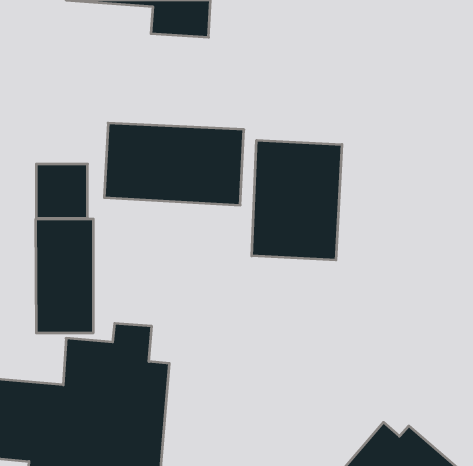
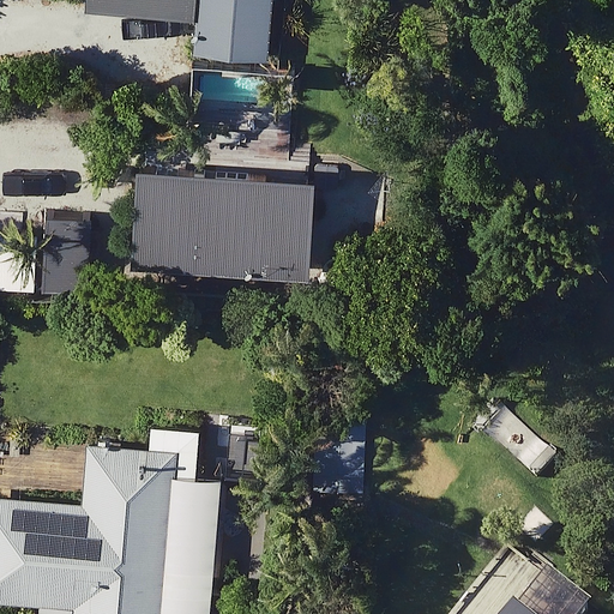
building: [252,140,342,260] -> none
building: [36,219,93,333] -> none

